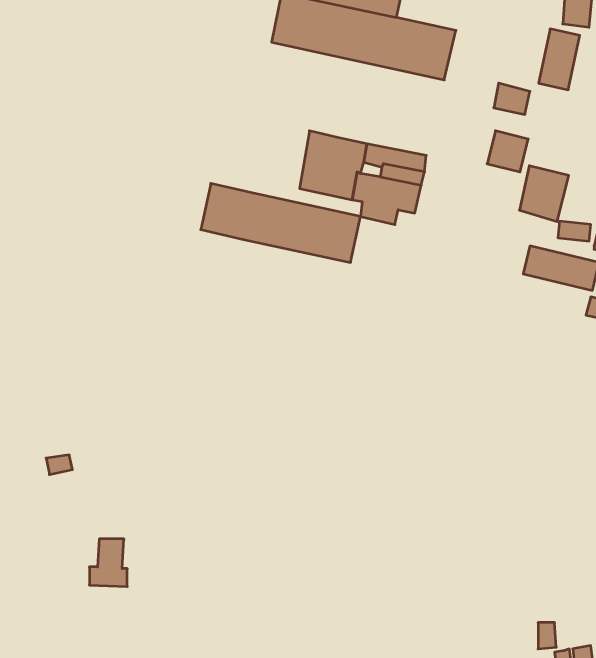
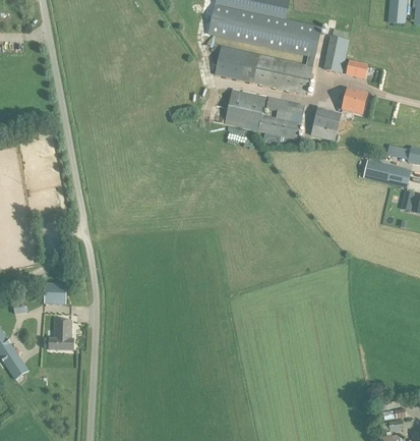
building: [539,29,580,90] -> [322,35,348,72]
building: [519,166,569,222] -> [310,106,341,141]
building: [201,183,360,262] -> [214,45,312,94]
building: none -> [44,282,65,304]
building: [89,539,127,587] -> [49,320,72,349]

